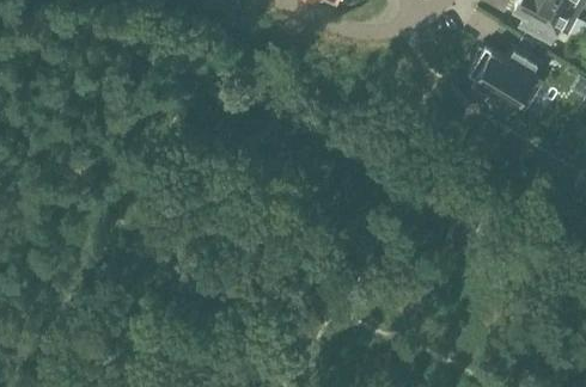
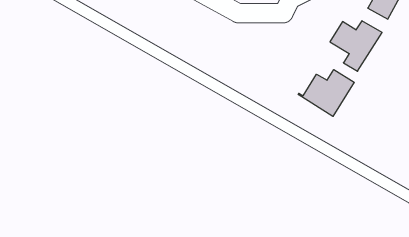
building: none -> [298,70,354,116]

